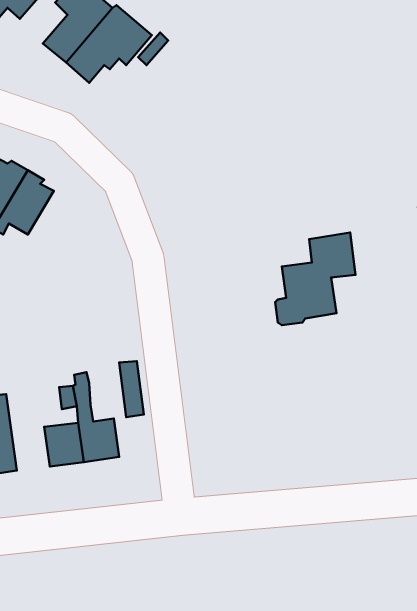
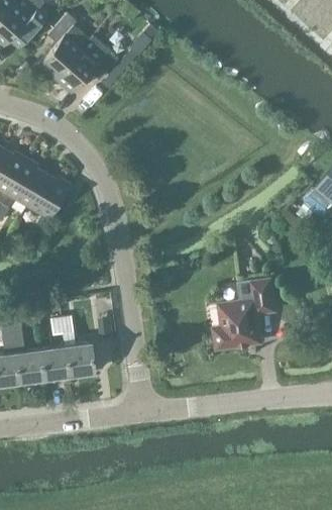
building: none -> [28,176,71,230]
building: [275,233,356,325] -> [216,281,275,349]
building: none -> [12,325,44,383]

